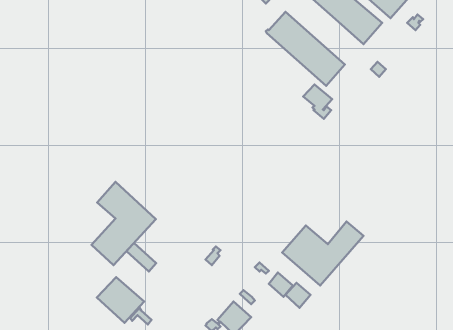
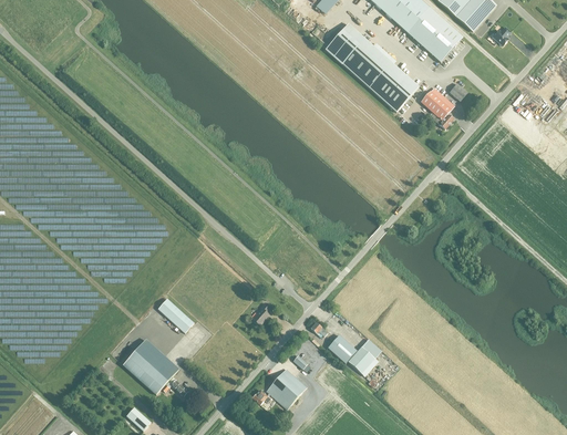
building: [303,84,332,119] -> [420,86,454,127]
building: [92,182,156,265] -> none
building: [282,222,364,285] -> none

